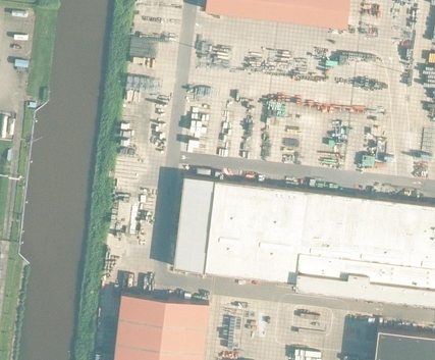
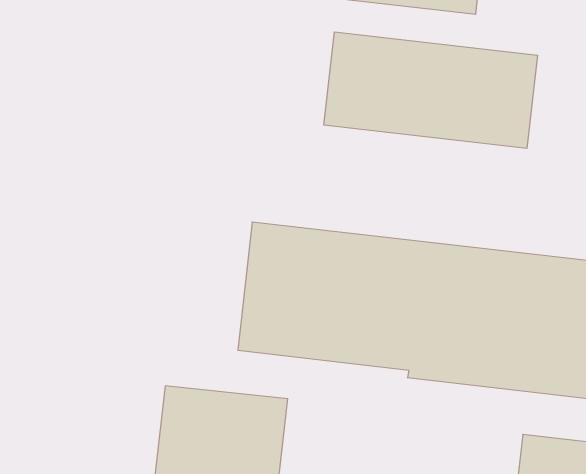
building: none -> [324,32,538,148]

